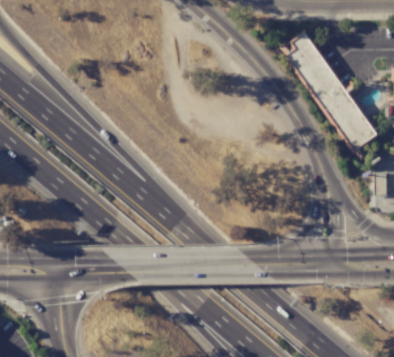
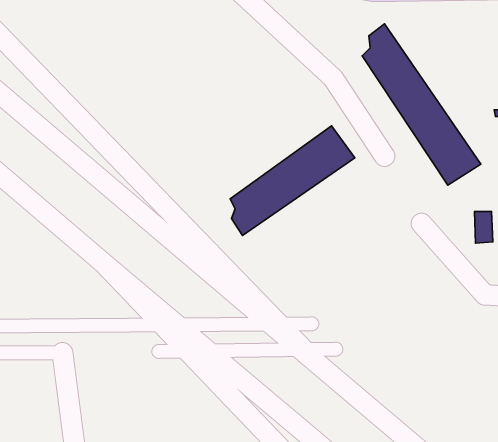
building: none -> [230,126,355,235]

